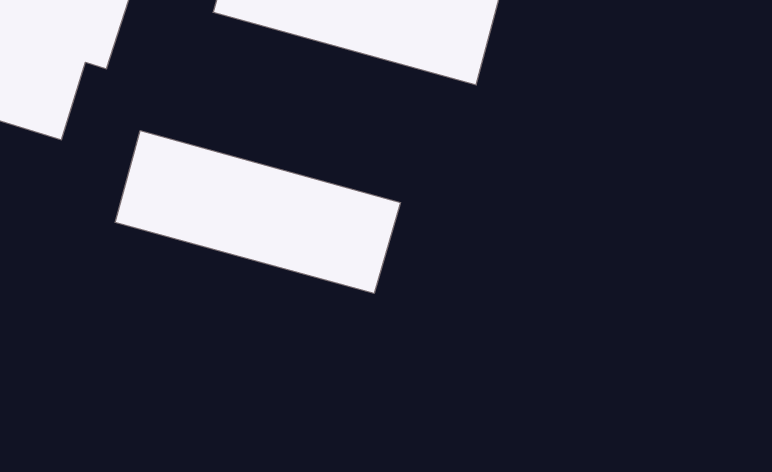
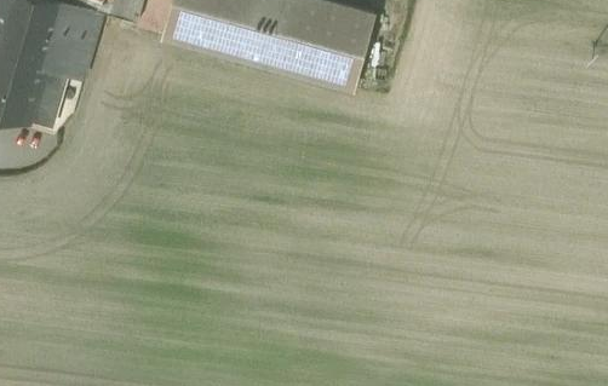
building: [115,131,401,293] -> none

